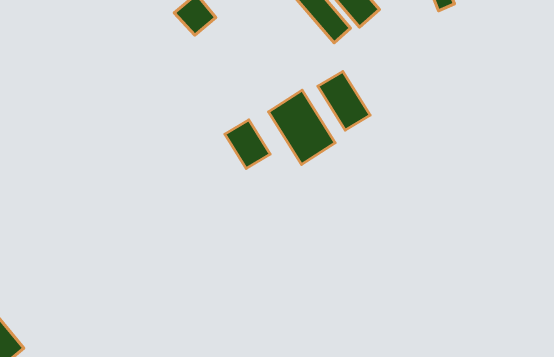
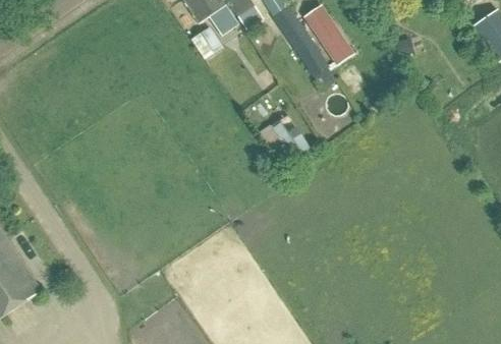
building: [318,71,370,130] -> none
building: [225,120,270,169] -> none

